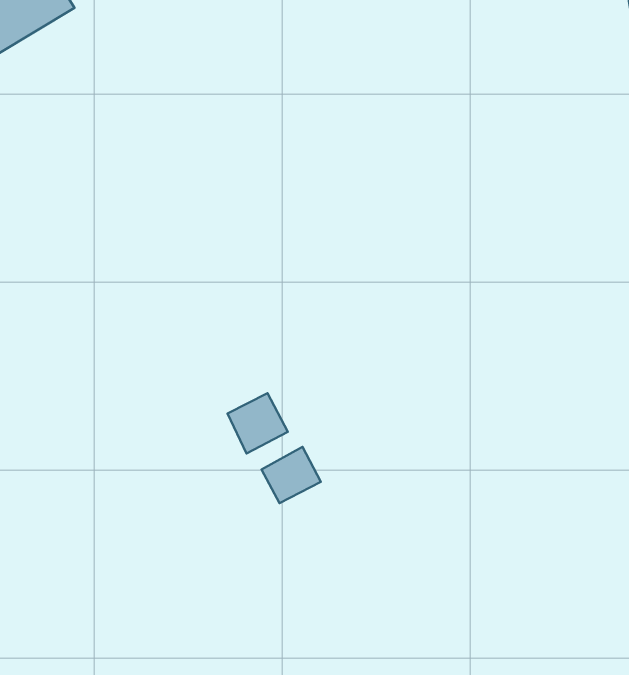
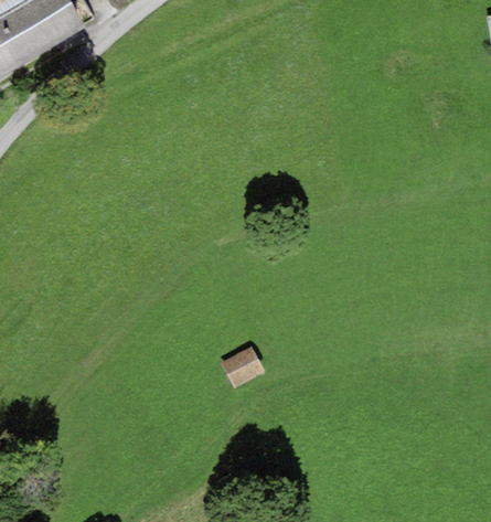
building: [227,393,288,453] -> none

